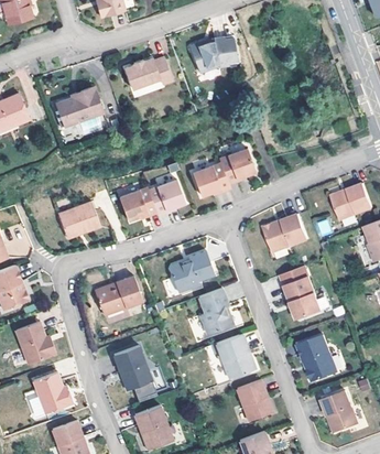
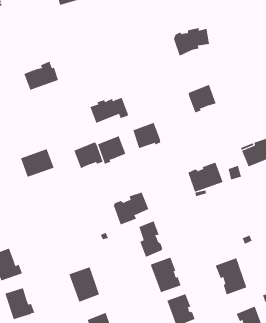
building: [191,36,237,73] -> [173,27,210,56]
building: [122,56,172,89] -> [90,97,129,123]
building: [220,149,257,185] -> [188,84,217,113]
building: [282,266,322,317] -> none
building: [96,274,144,314] -> none

